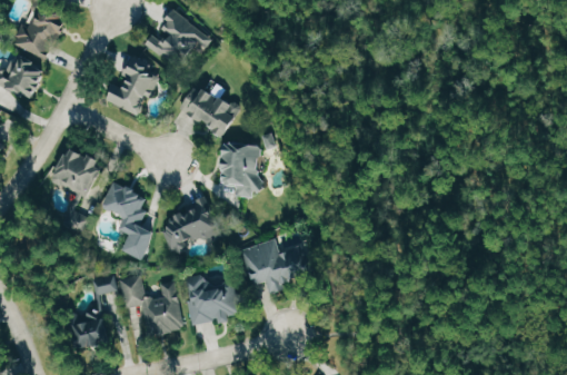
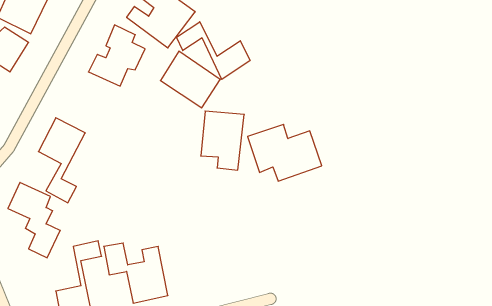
building: none -> [176,22,250,79]
building: [101,182,155,259] -> [8,182,60,258]
building: [160,199,218,257] -> none
building: [238,238,314,296] -> [248,124,322,181]
building: [185,276,238,323] -> none

